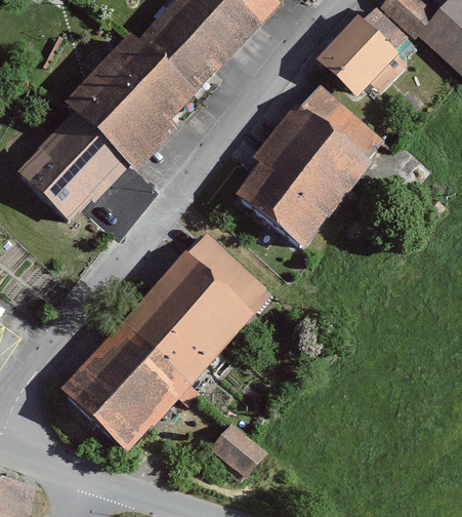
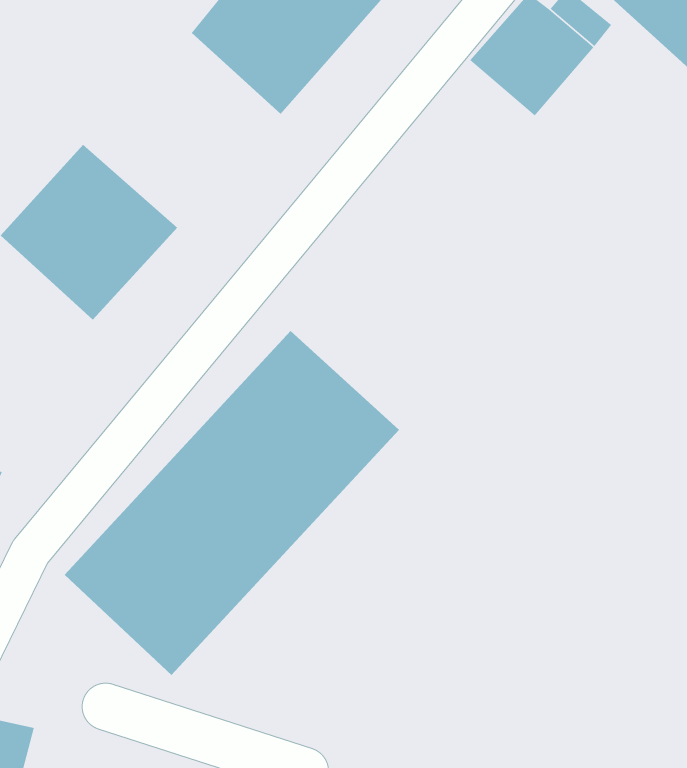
building: [60,31,196,166] -> none
building: [235,87,390,249] -> none
building: [207,423,267,482] -> none

